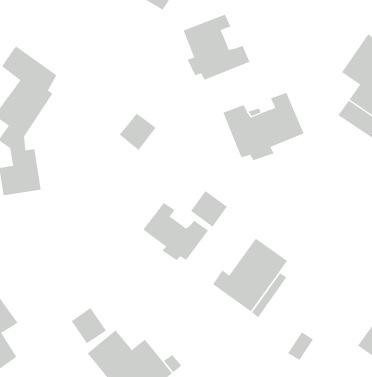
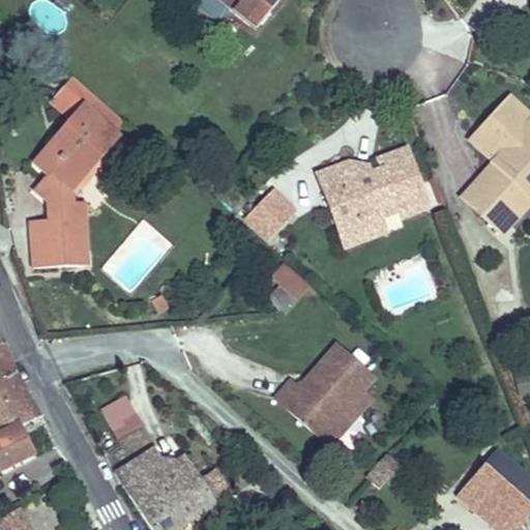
building: [183,14,250,81] -> none
building: [119,113,156,151] -> [242,194,290,241]
building: [142,202,209,261] -> none

